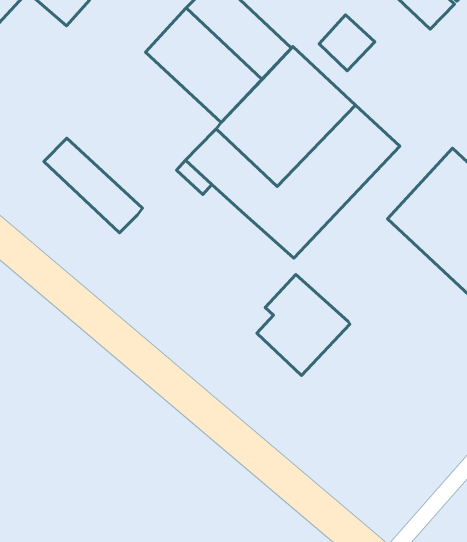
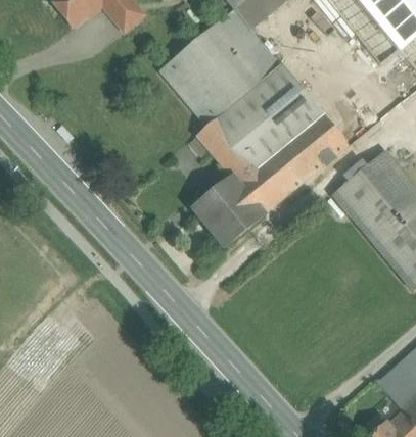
building: [319,15,375,71] -> none
building: [44,138,143,233] -> [159,55,225,127]
building: [257,275,350,375] -> [198,176,265,247]

